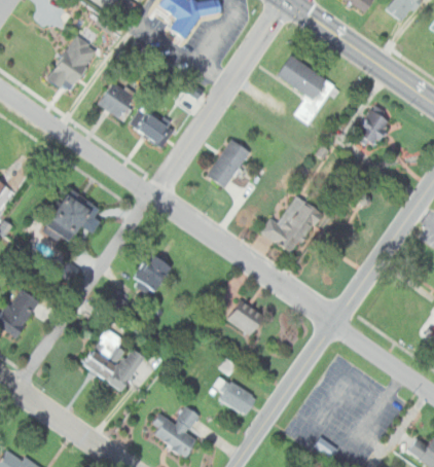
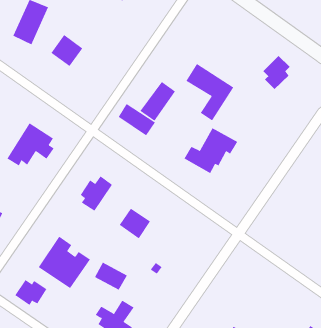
building: [275,55,334,125] -> [185,63,234,121]
building: [128,108,174,148] -> [118,103,156,136]
building: [226,298,265,336] -> [119,208,151,239]
building: [216,380,257,415] -> [94,262,128,291]
building: none -> [14,279,47,306]

